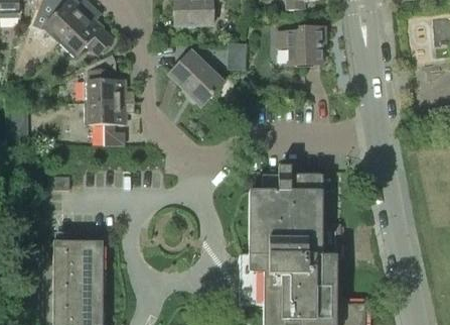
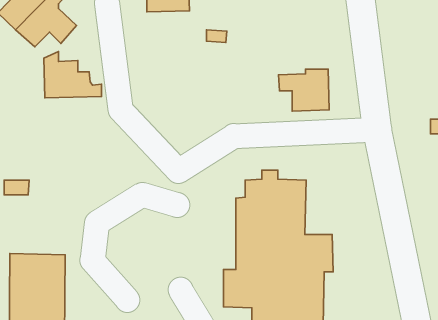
building: [277,27,322,65] -> [278,69,329,111]
building: [170,51,223,105] -> none
building: [85,101,135,140] -> none

